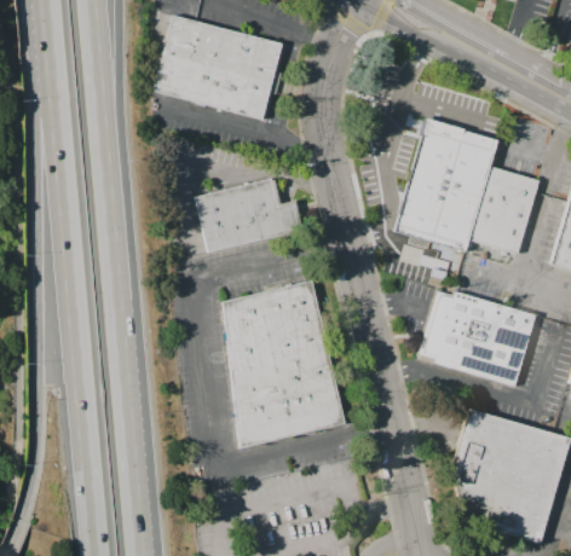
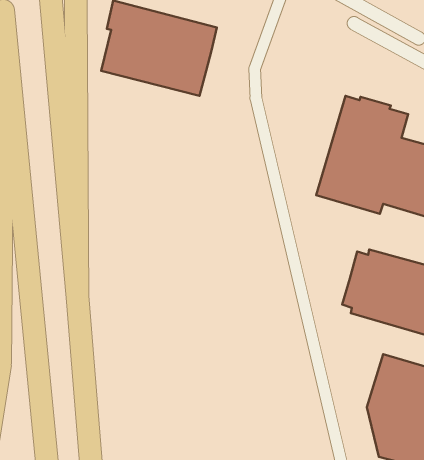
building: [196,178,301,250] -> none
building: [224,280,346,448] -> none

